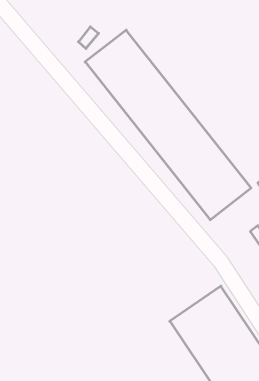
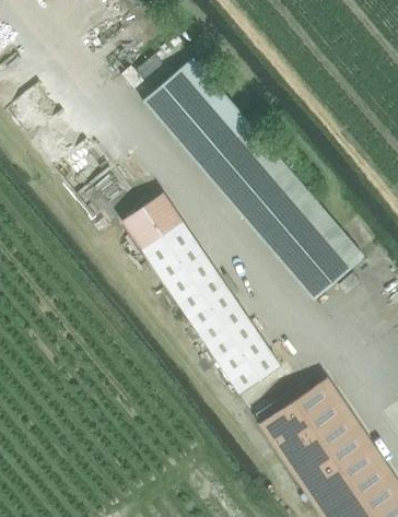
building: none -> [122,198,281,398]

